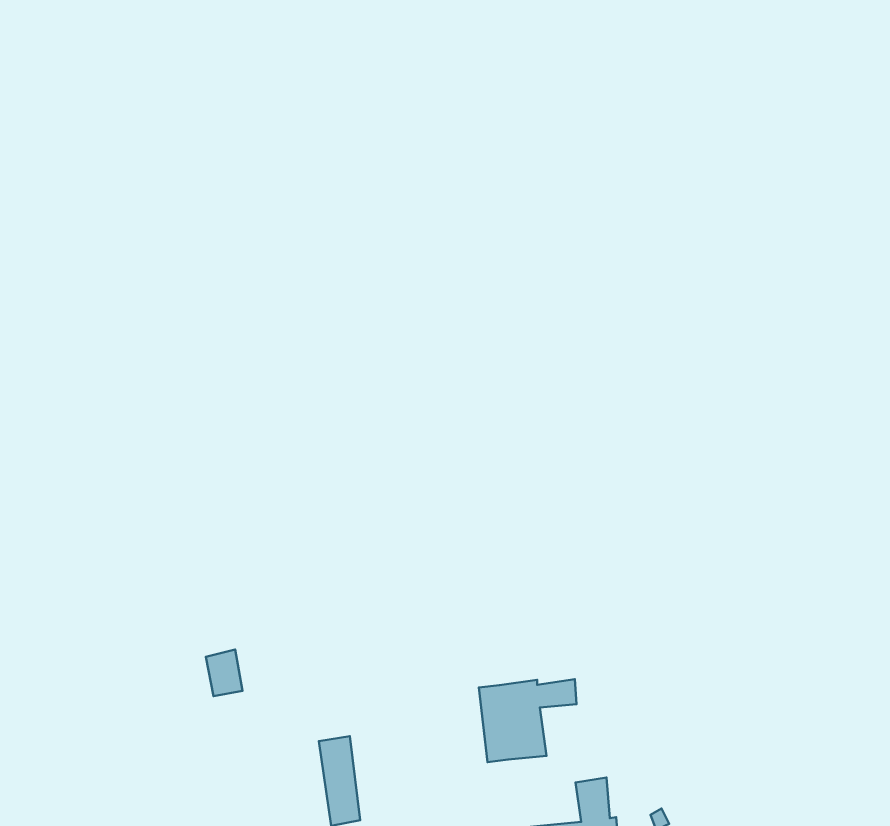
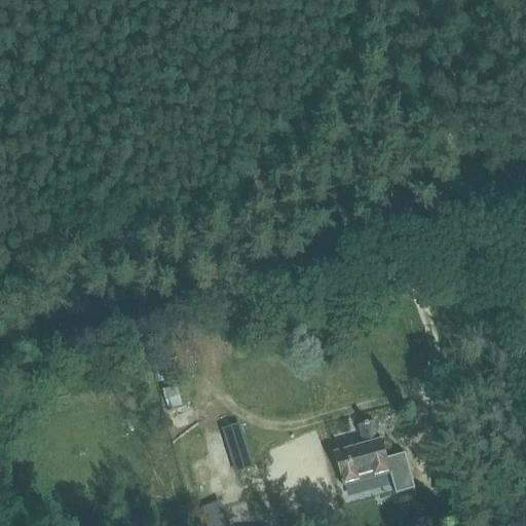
building: [479,679,576,762] -> none

